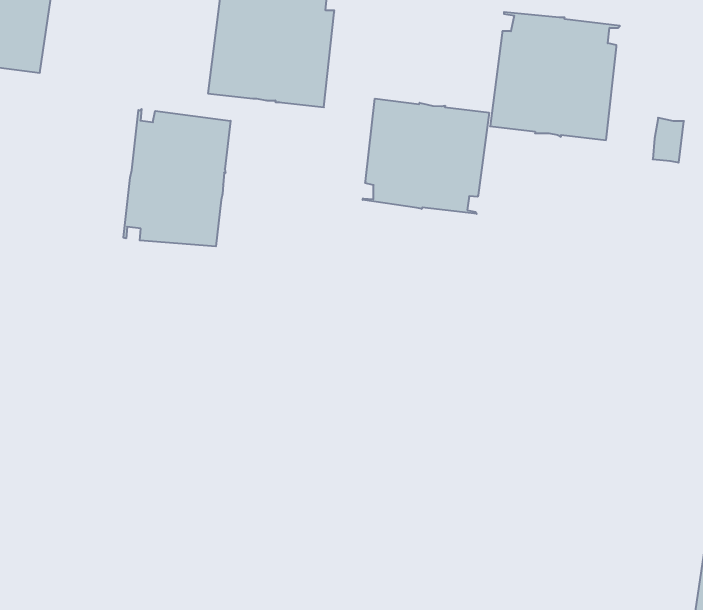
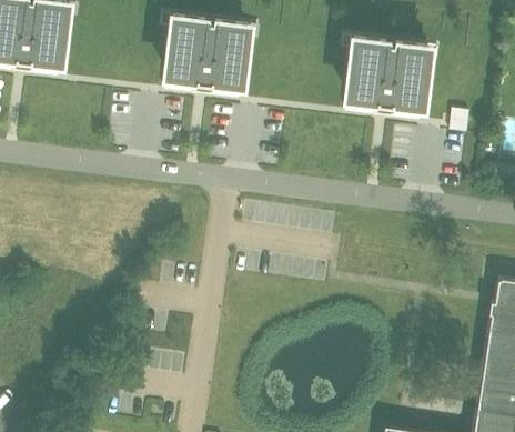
building: [363,99,489,214] -> none
building: [123,109,231,246] -> none

